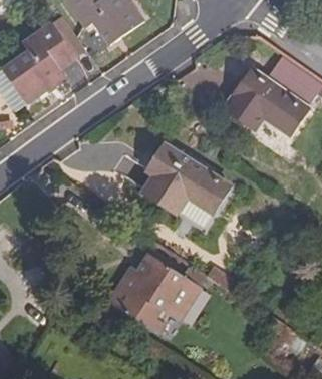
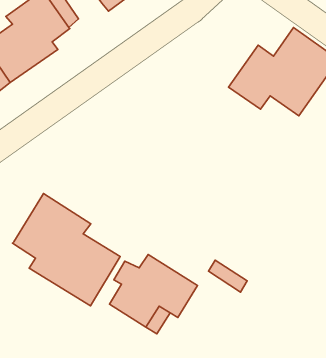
building: [141,144,228,213] -> none
building: none -> [12,194,120,306]

